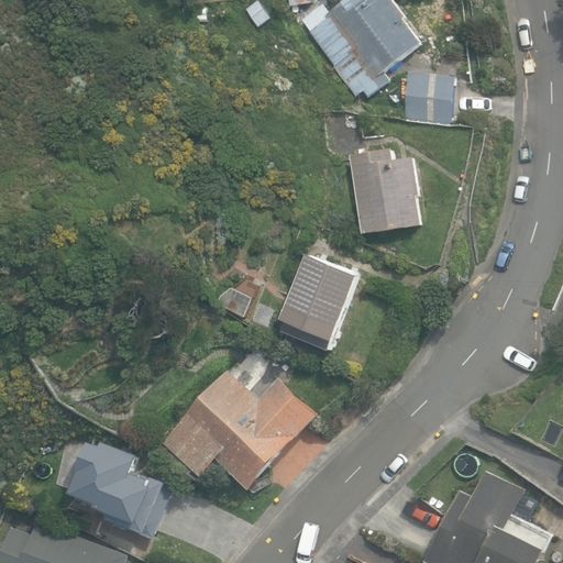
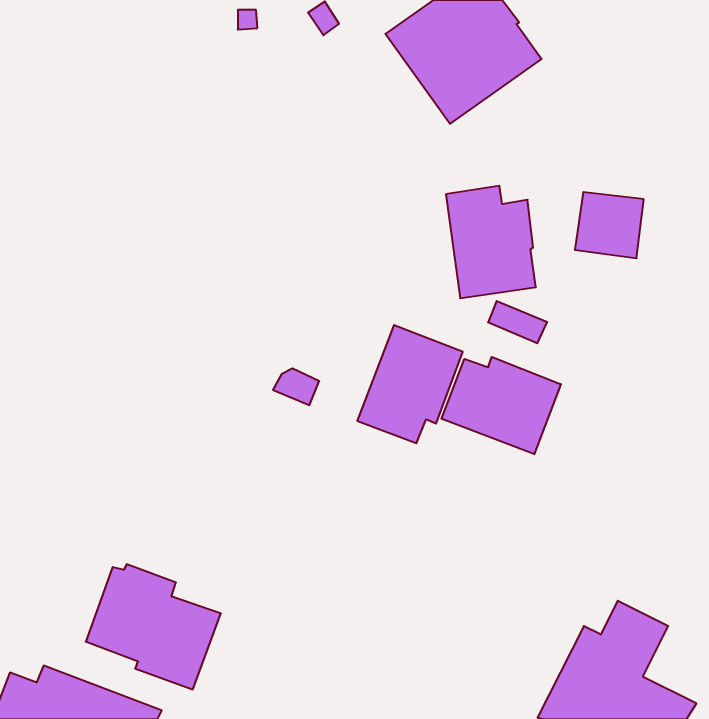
building: [398,71,452,123] -> [575,192,644,258]
building: none -> [442,357,561,454]
building: [158,369,317,489] -> none

